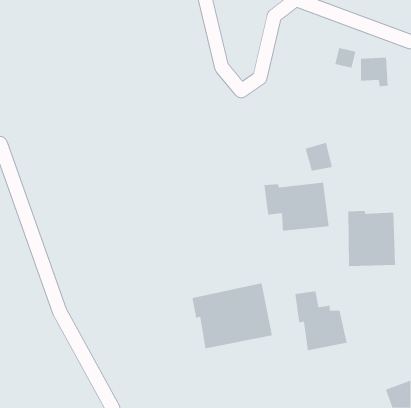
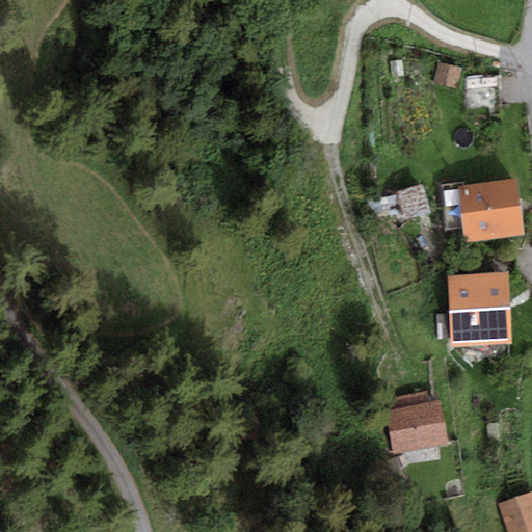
building: [264,182,329,231] -> [440,180,525,243]
building: [192,283,272,349] -> none

